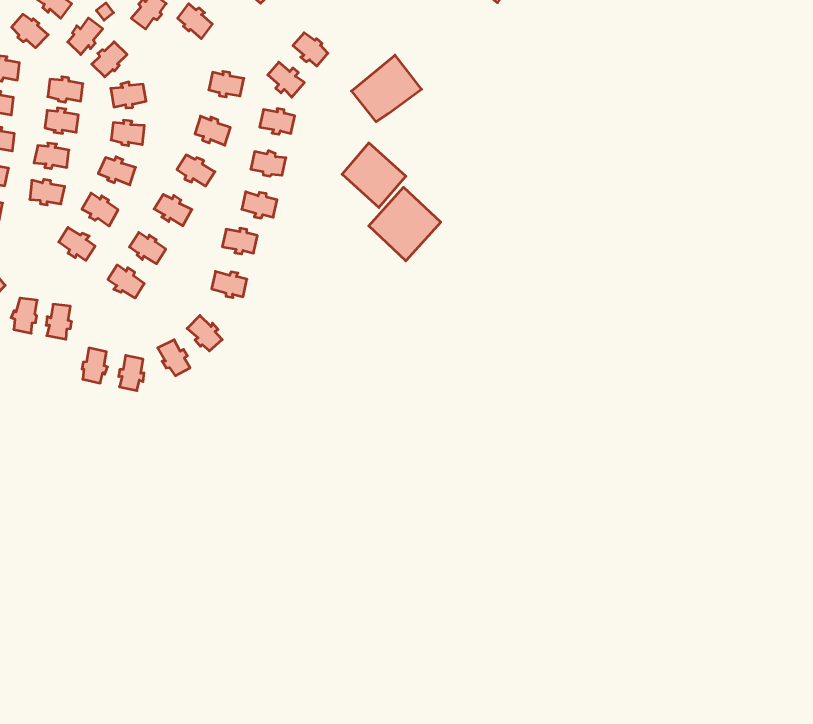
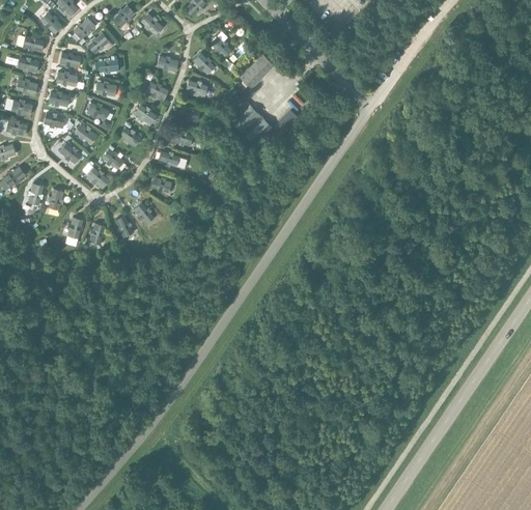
building: [369,187,441,261] -> none

